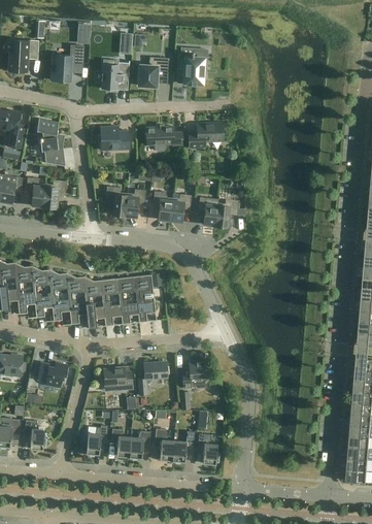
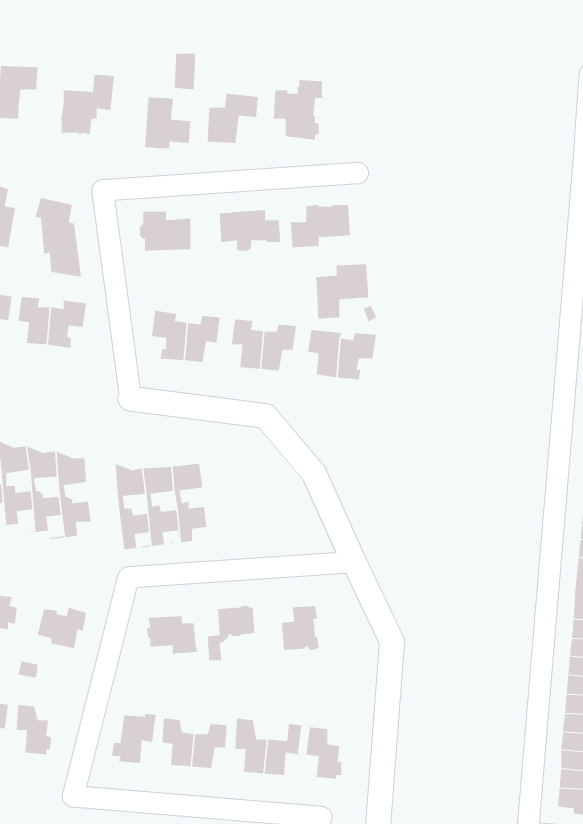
building: none -> [316,263,369,319]
building: [65,273,88,329] -> none
building: [133,274,156,322] -> none

